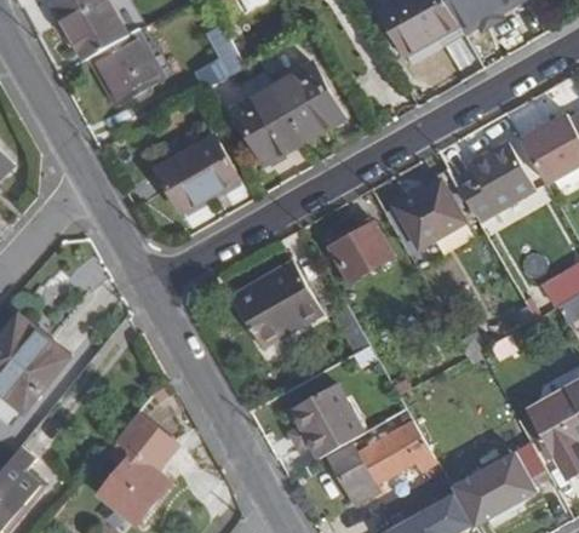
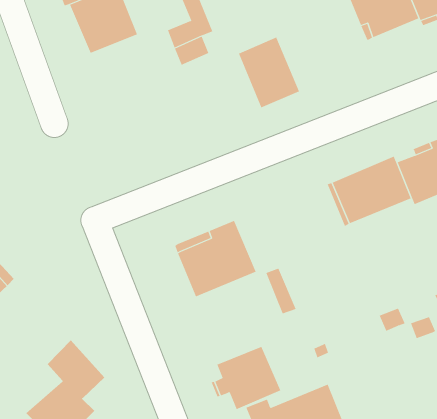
building: [233,86,304,164] -> none
building: [151,126,237,211] -> none
building: [331,222,392,281] -> none

